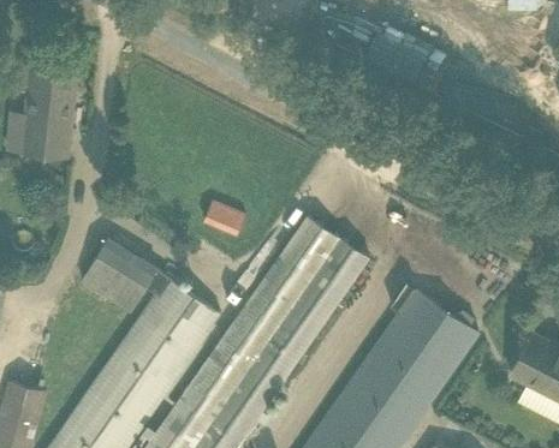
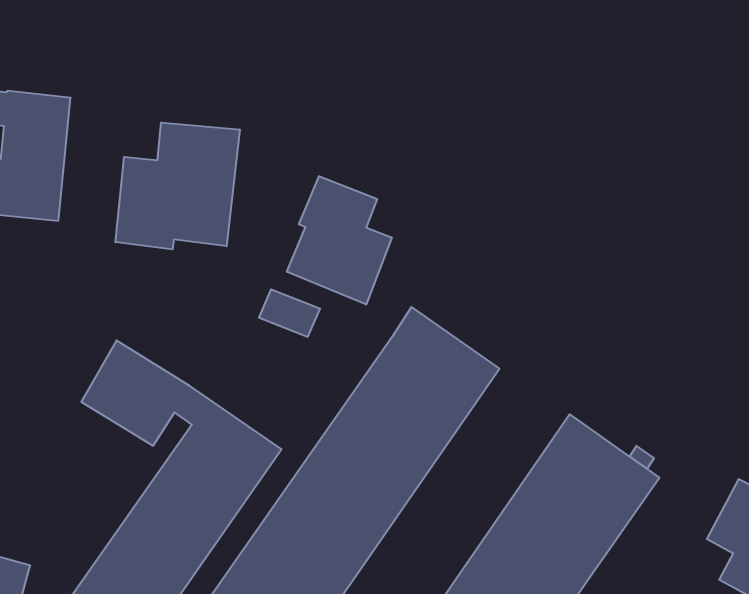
building: none -> [115,122,240,249]
building: none -> [287,176,392,305]

